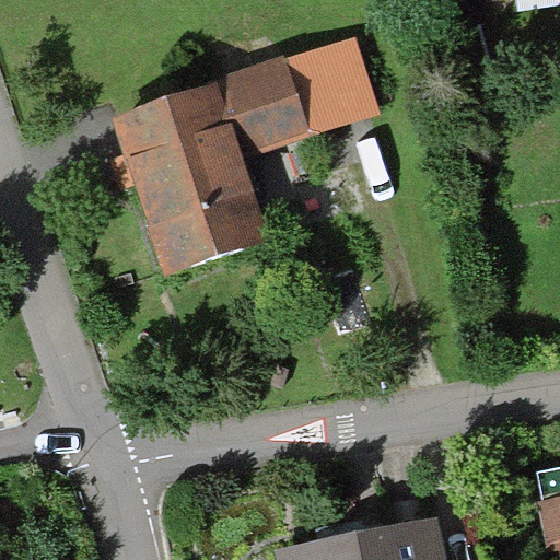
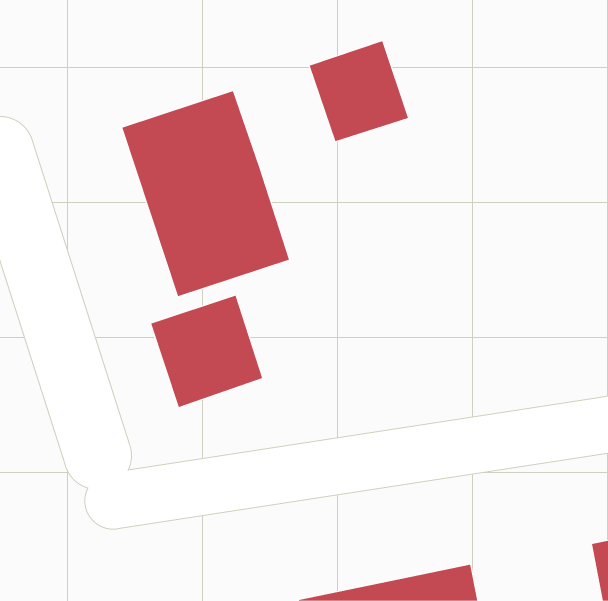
building: [215,60,308,153] -> none
building: none -> [150,295,263,408]

